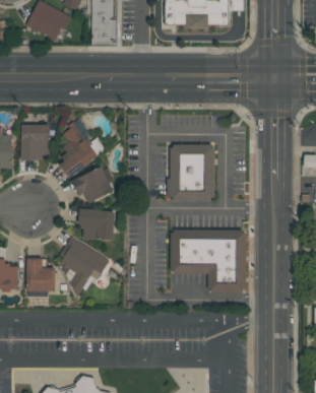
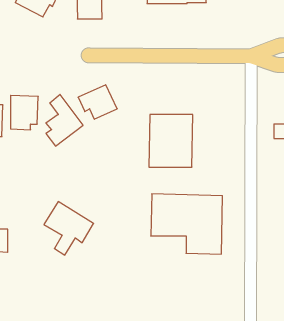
building: [71,167,113,203] -> [78,85,117,119]
building: [79,209,114,240] -> none
building: [25,259,55,296] -> none

